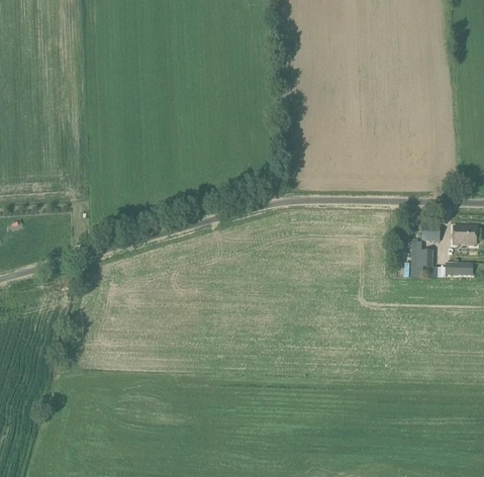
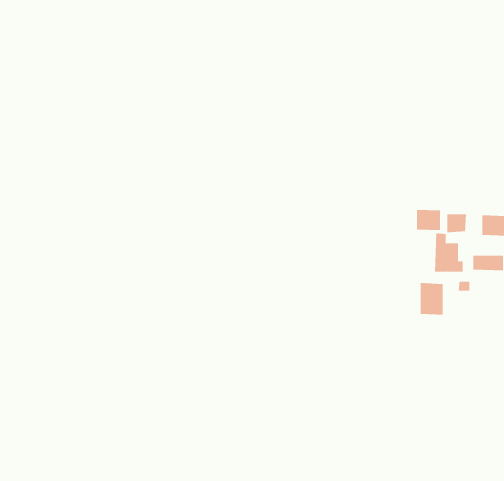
building: none -> [416,209,440,231]
building: none -> [420,282,443,316]

